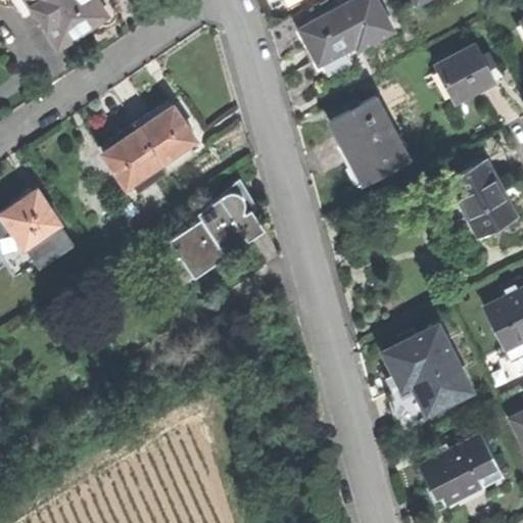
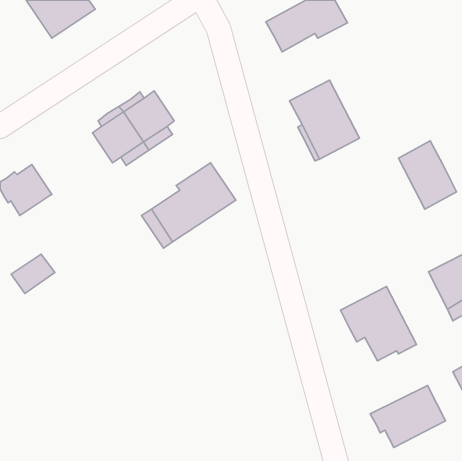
building: [435,44,496,102] -> none
building: [25,224,74,268] -> [11,254,55,293]

